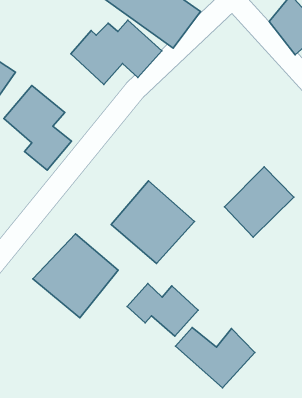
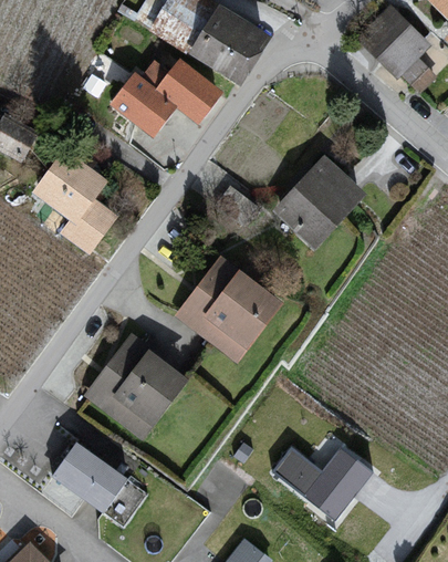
building: [224,167,294,237] -> [277,158,365,250]
building: [127,284,198,336] -> none
building: none -> [54,445,144,528]

